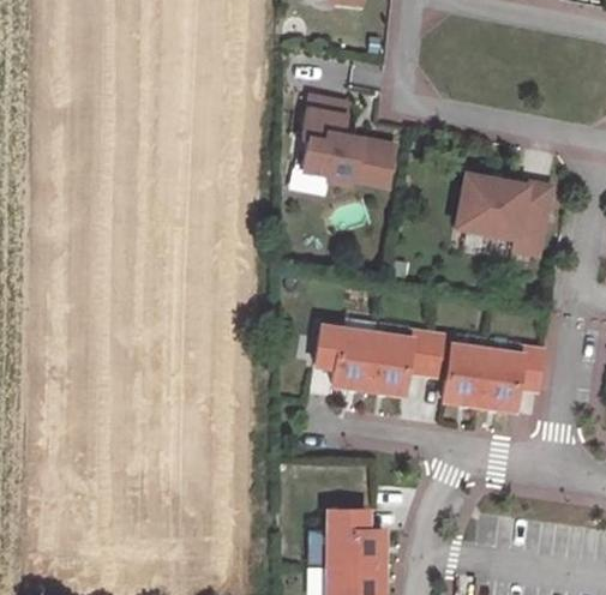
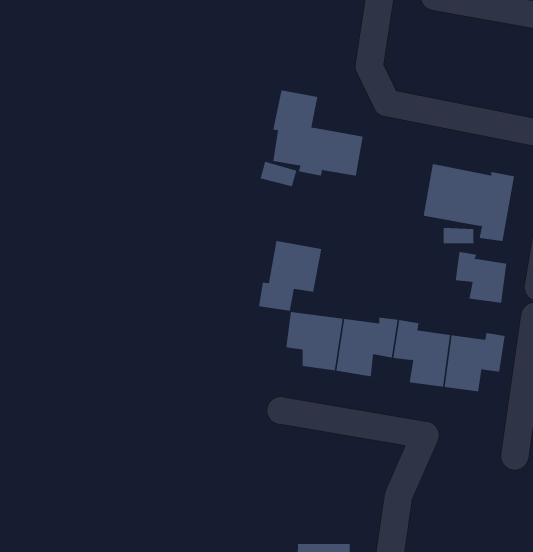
building: none -> [258,240,322,311]
building: none -> [455,251,507,304]
building: [329,510,384,565] -> none

